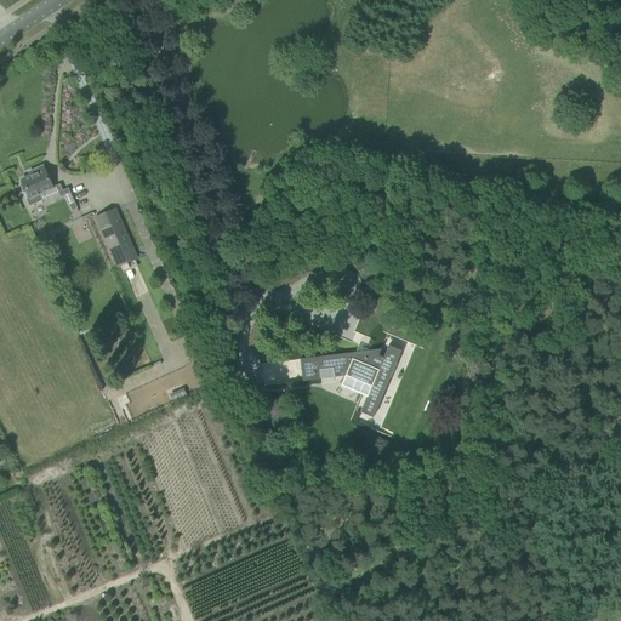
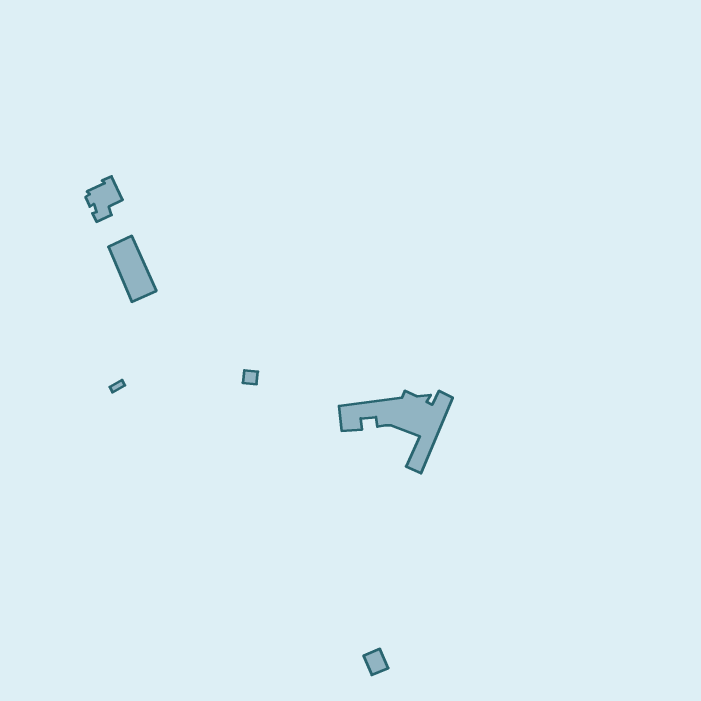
building: [19,167,52,207] -> [86,176,123,222]

